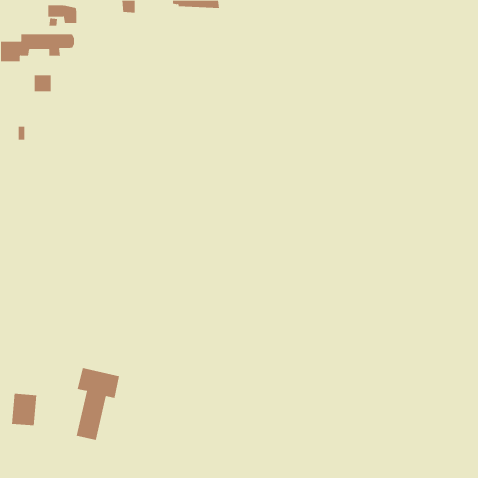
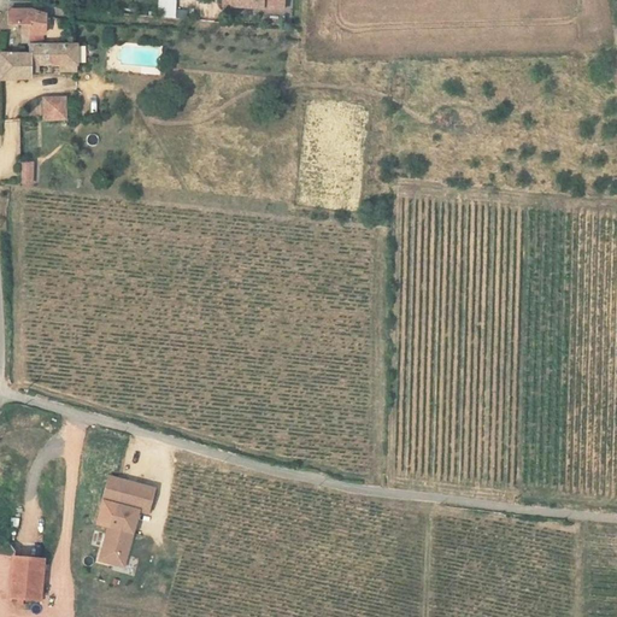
building: [47,5,77,24] -> [5,8,43,33]
building: [11,393,37,426] -> [8,556,42,598]

